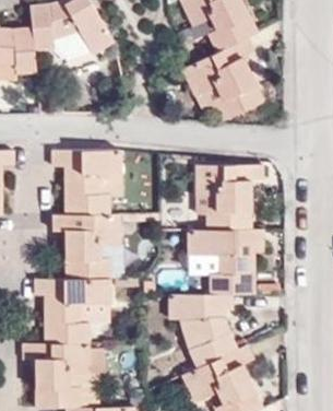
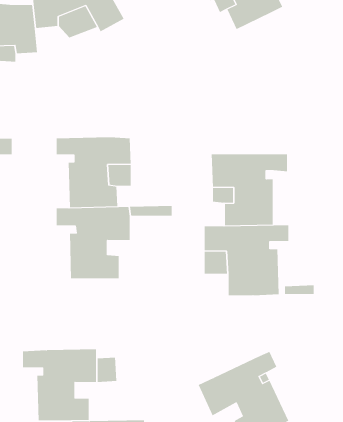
building: [181,37,264,121] -> none
building: [34,279,111,343] -> none
building: [168,294,237,368] -> none

